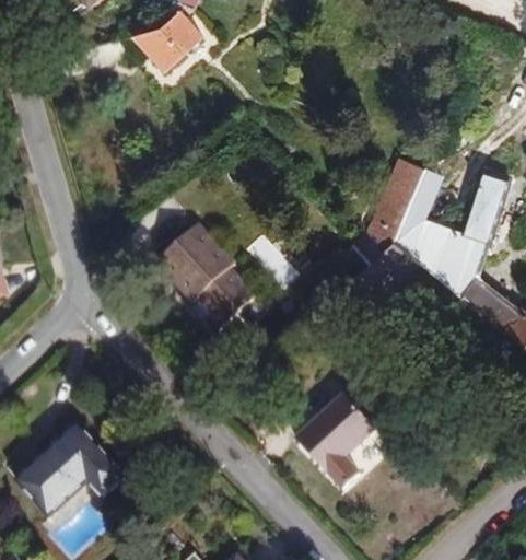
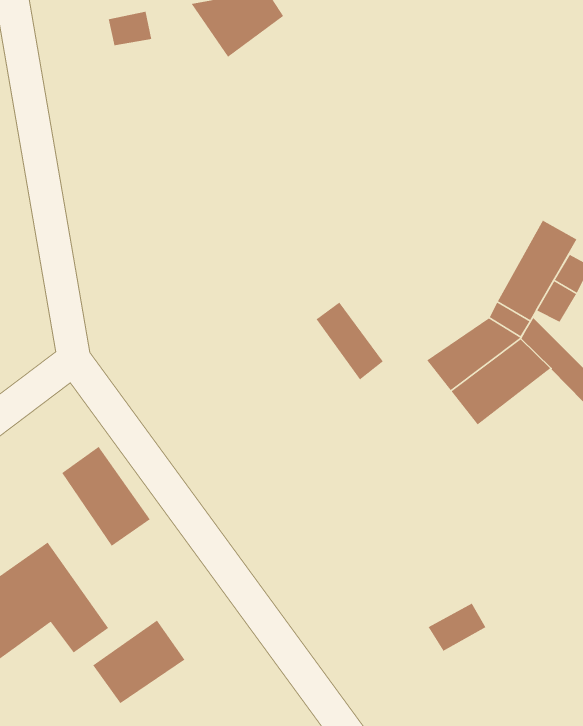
building: [155,224,256,326] -> none
building: none -> [61,446,151,547]
building: [296,394,376,488] -> none
building: none -> [92,619,185,704]

